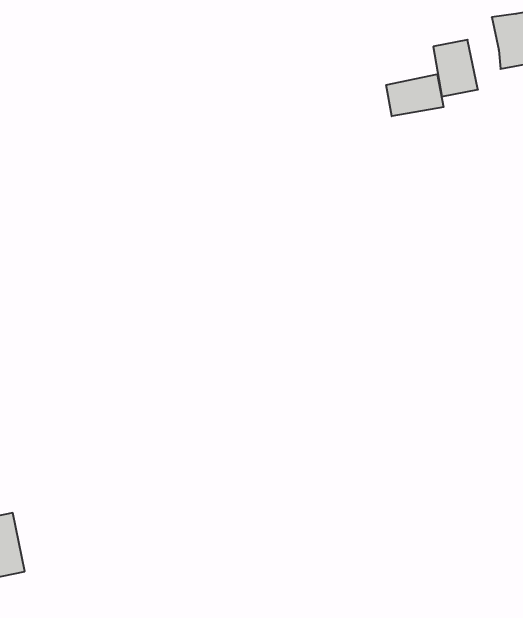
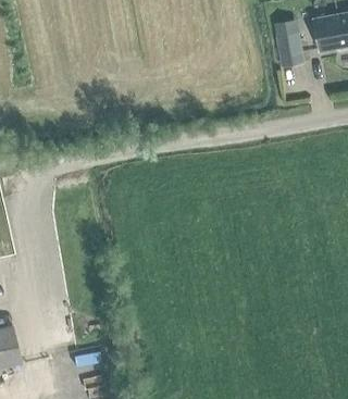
building: [386,74,444,116] -> none

